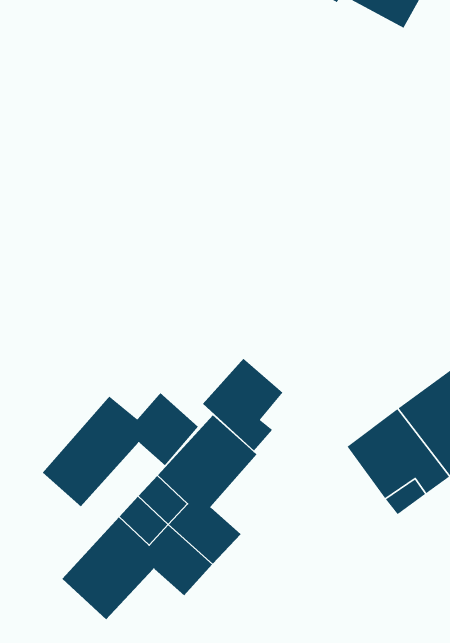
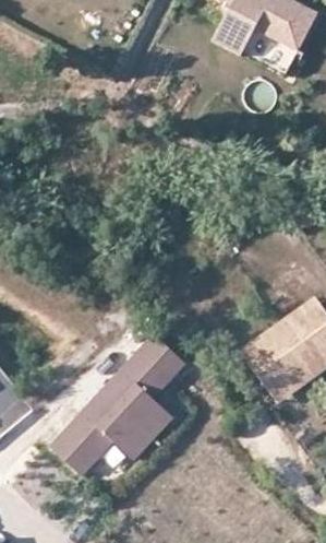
building: [202,358,284,452] -> none
building: [42,392,199,507] -> none

